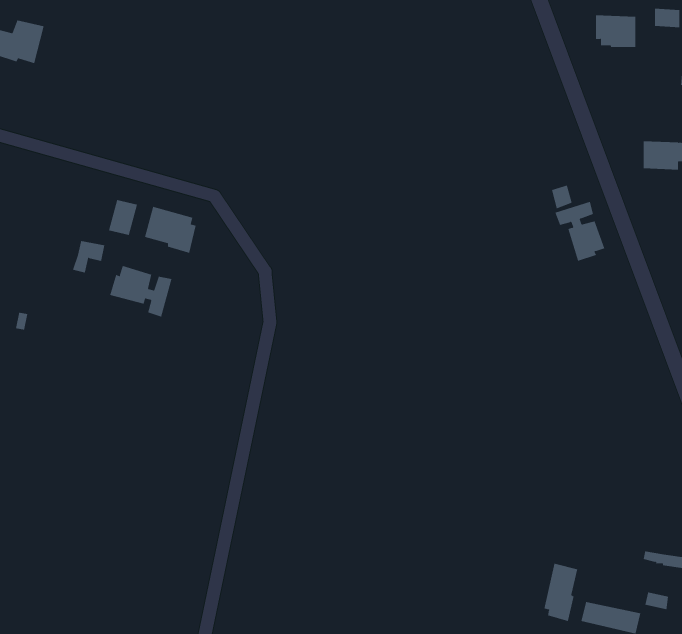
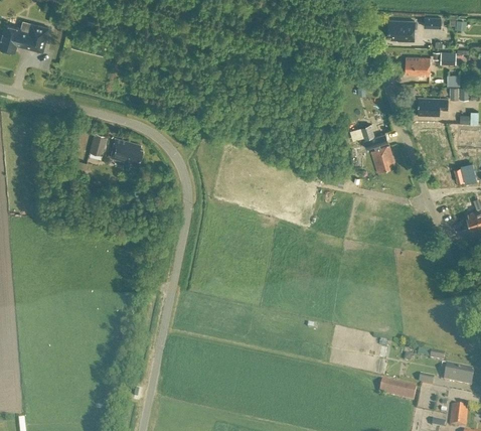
building: none -> [404,54,430,74]
building: [110,265,172,318] -> none
building: [544,563,578,622] -> none

